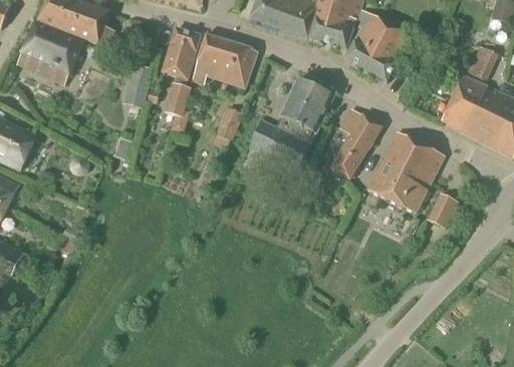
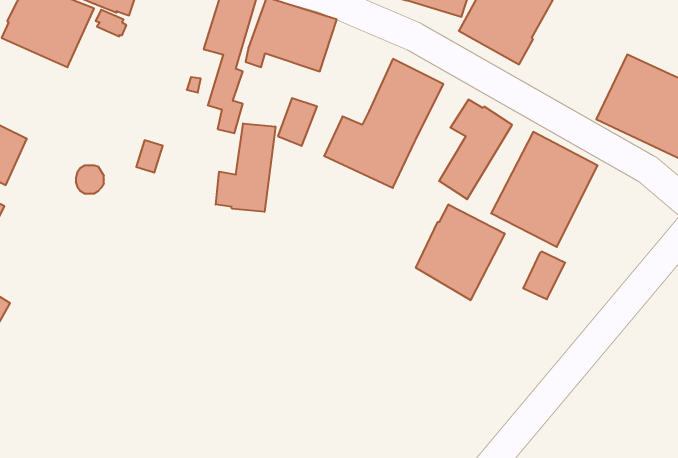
building: [465,44,497,79] -> none
building: [123,63,154,107] -> none
building: none -> [216,123,276,212]
building: none -> [416,204,505,300]
building: [427,193,457,227] -> [523,252,565,299]

